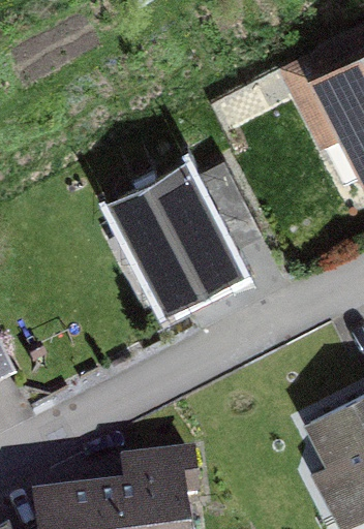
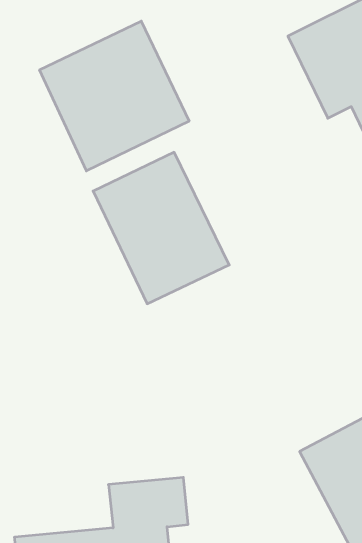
building: none -> [40,21,189,171]

